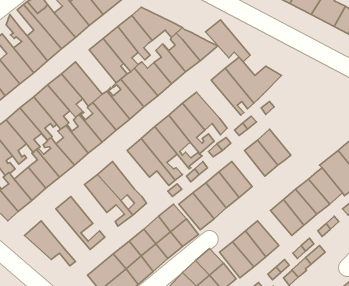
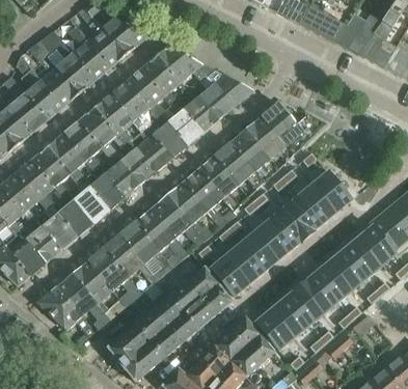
building: [206,20,250,62] -> [229,128,279,174]
building: none -> [93,93,139,143]
building: none -> [311,170,351,212]
building: none -> [135,206,190,266]
building: none -> [269,206,306,247]
building: none -> [88,245,141,304]
building: none -> [55,272,110,329]
building: none -> [298,274,336,313]

